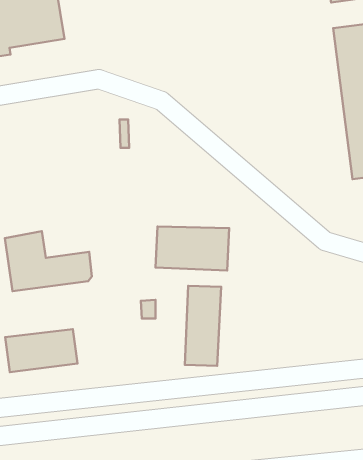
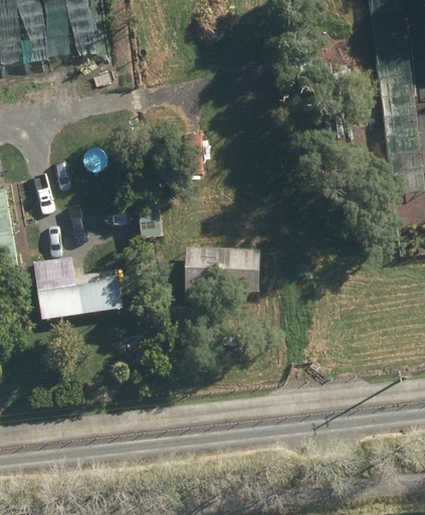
building: [185,286,221,366] -> none
building: [5,329,77,372] -> none

